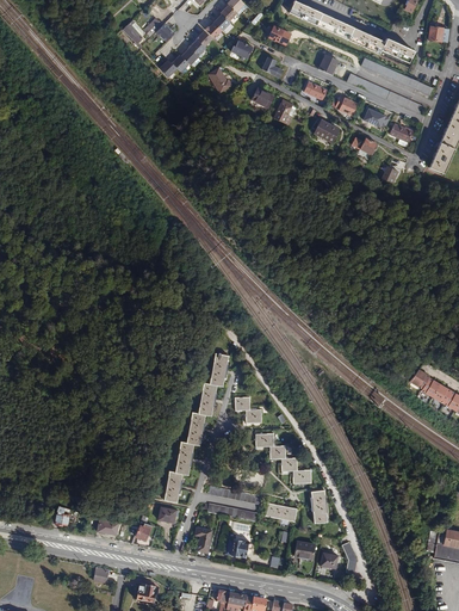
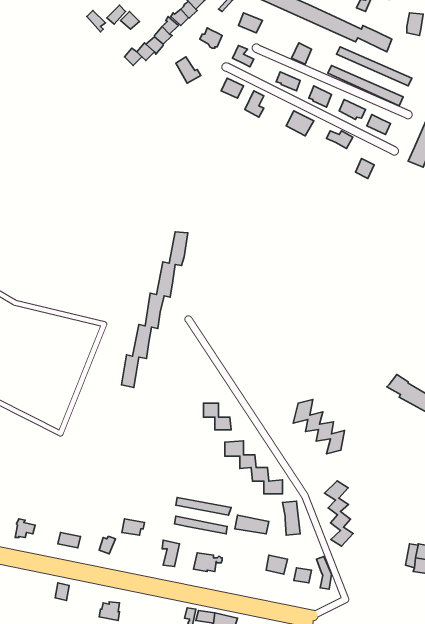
building: [165,353,228,501] -> [121,232,188,387]
building: none -> [293,399,345,454]
building: none -> [325,481,353,546]

